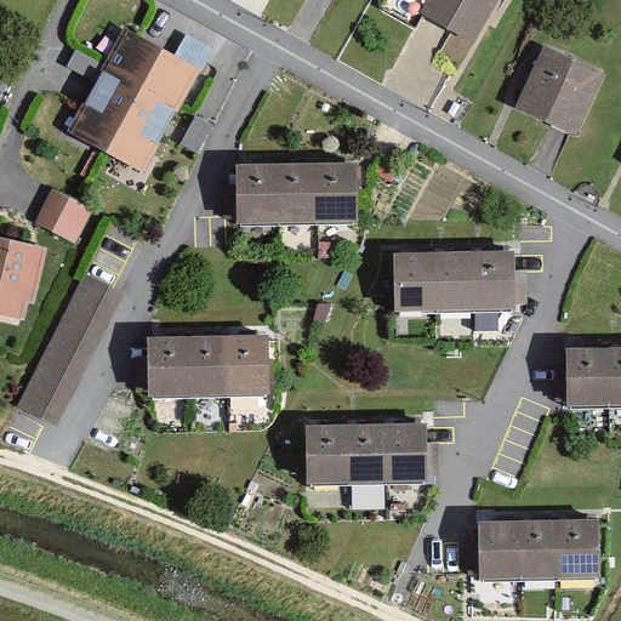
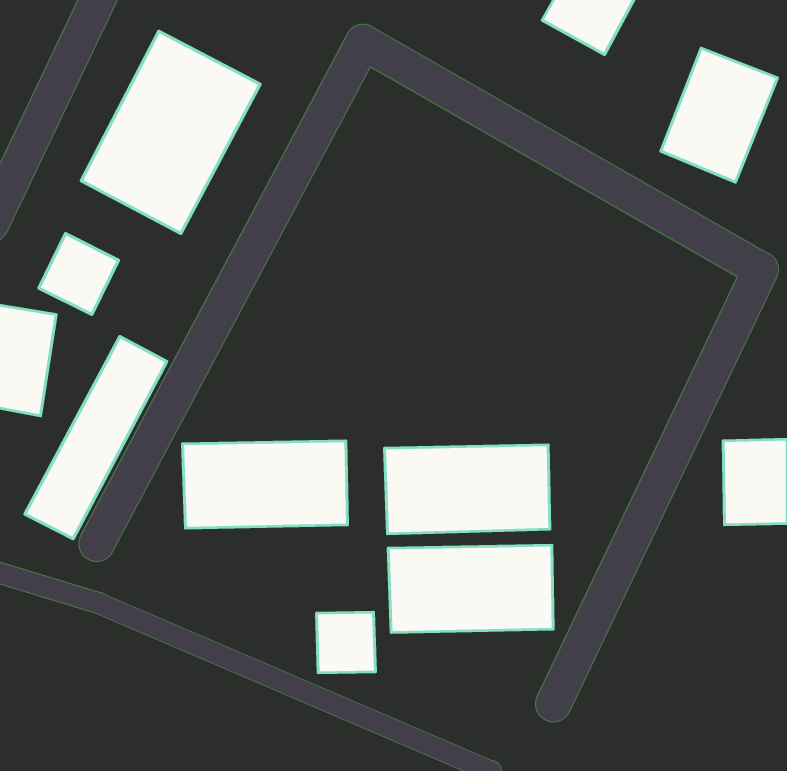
building: [232,165,360,234] -> none
building: [387,245,515,314] -> [385,445,550,534]
building: none -> [316,612,375,673]
building: [471,512,599,580] -> none

